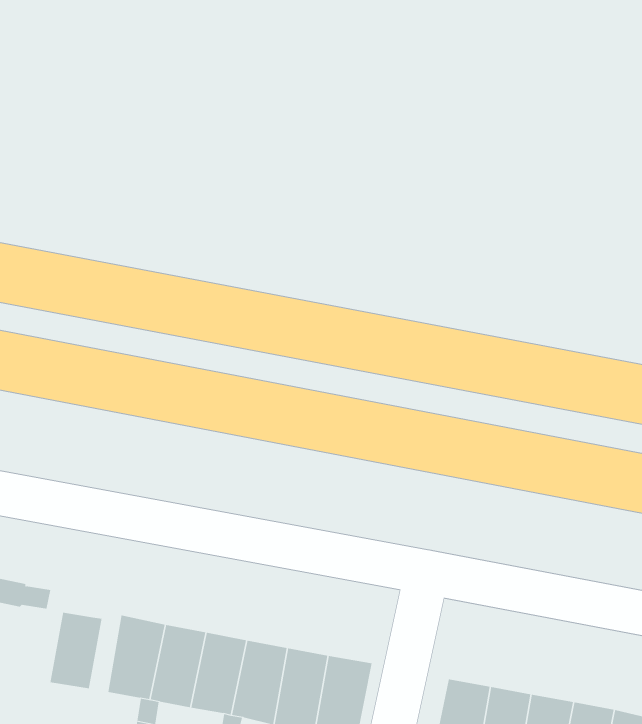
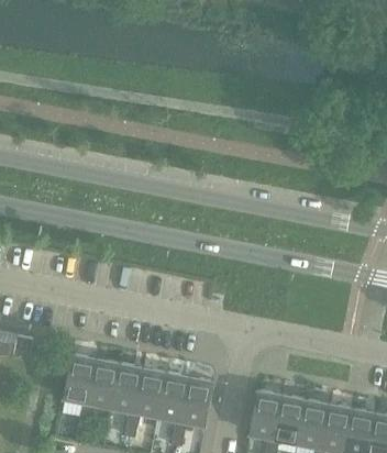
building: [50,612,102,689] -> none

